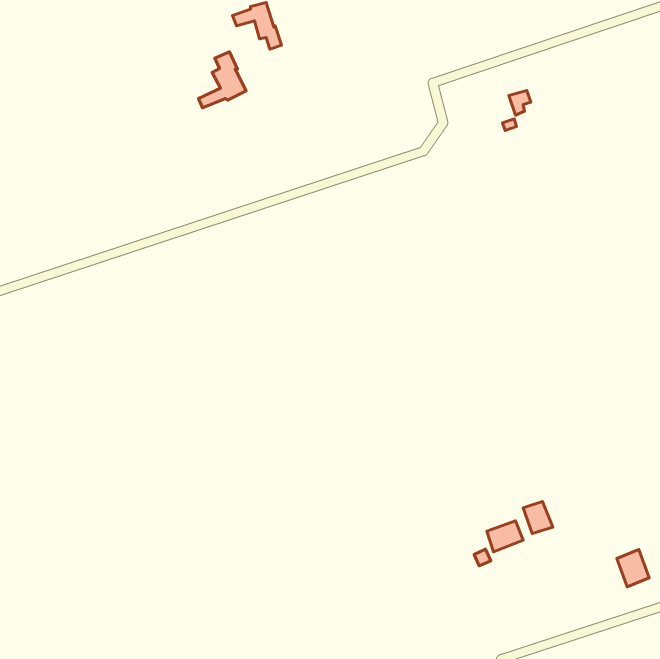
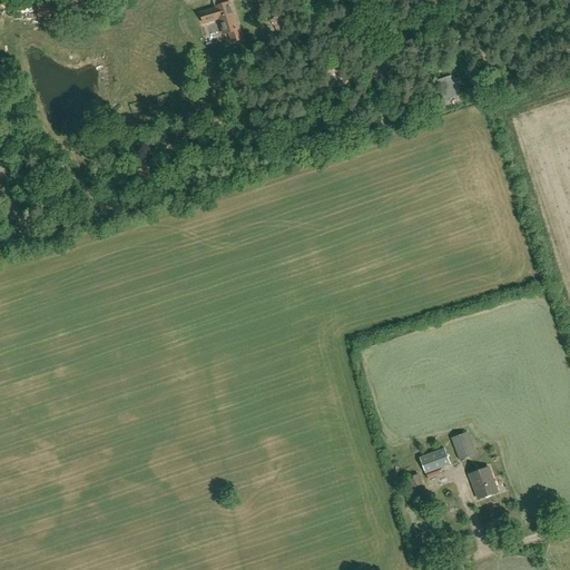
building: [199,52,246,108] -> none
building: [617,549,649,587] -> [470,466,498,499]

